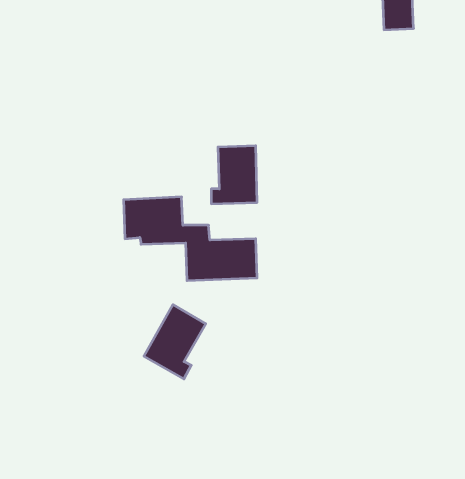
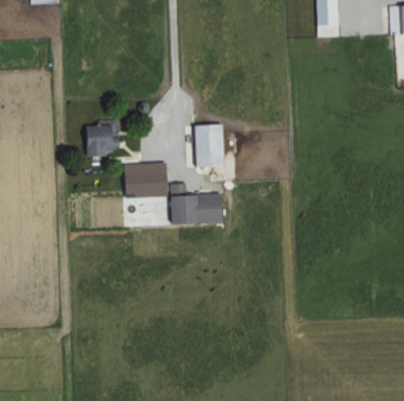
building: none -> [84,125,120,155]
building: [144,305,206,379] -> none

